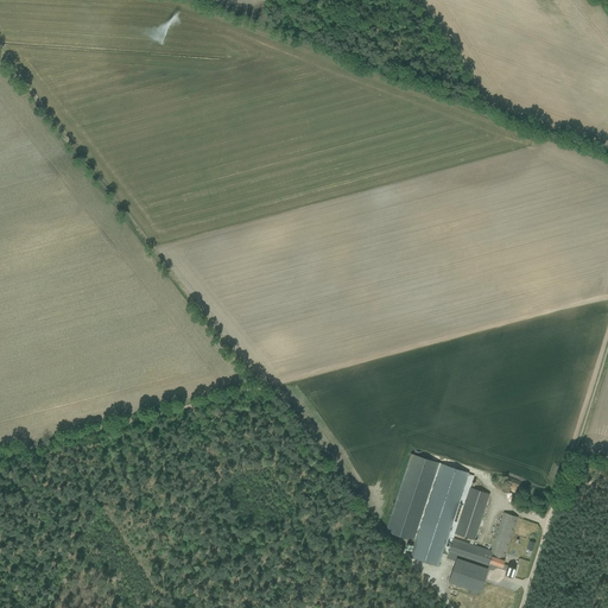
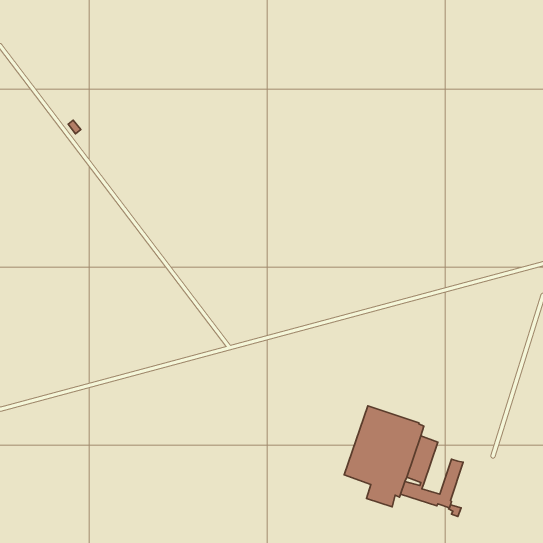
building: [448,557,488,593] -> none

